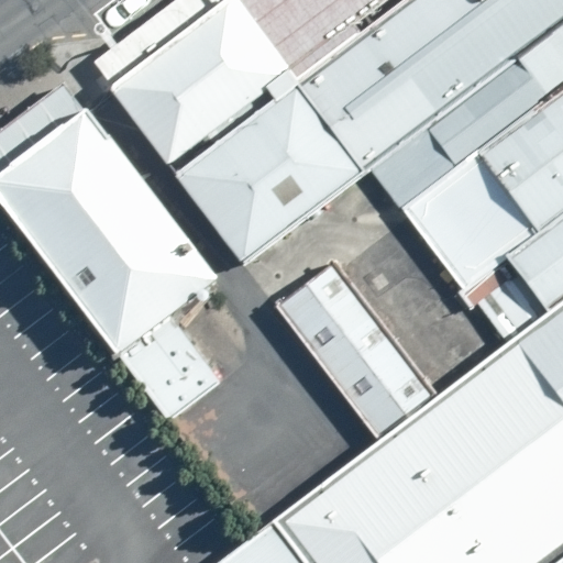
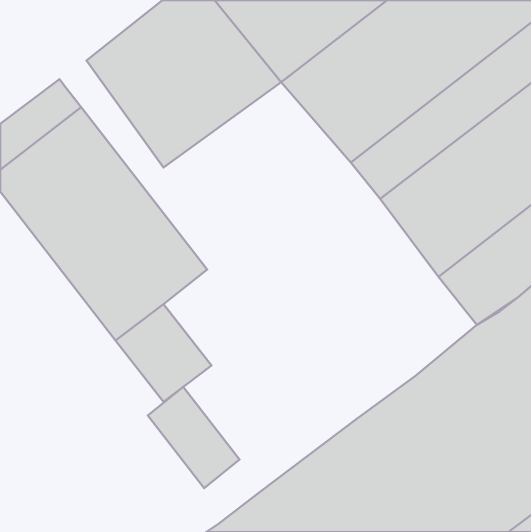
building: [174,87,372,265] -> none
building: [278,265,440,442] -> none
building: none -> [148,387,240,488]

